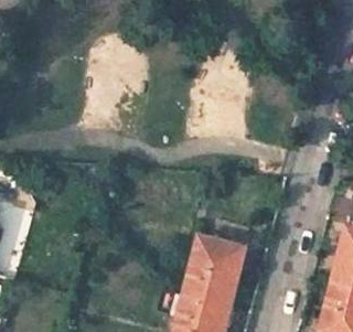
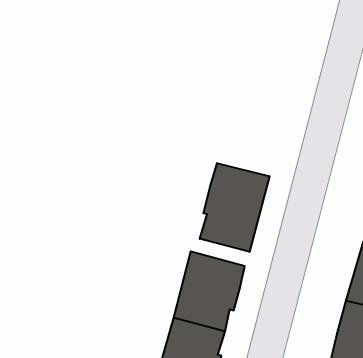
building: none -> [200,163,269,252]

